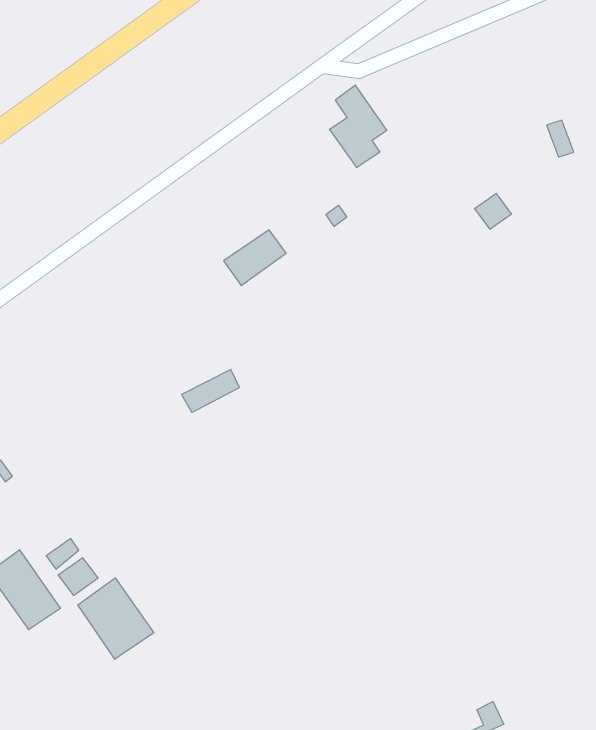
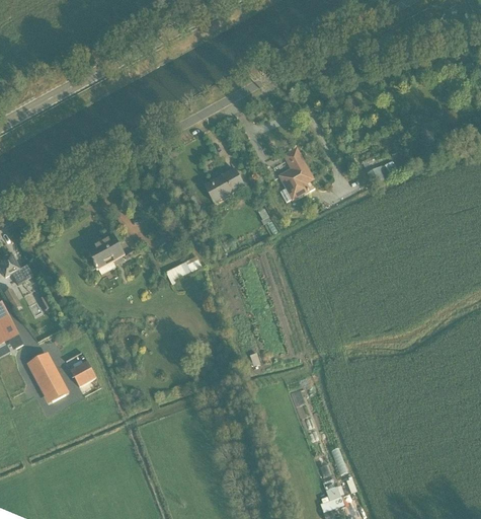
building: [329,85,387,167] -> [276,147,313,200]
building: none -> [86,235,124,273]
building: [78,578,154,659] -> none

